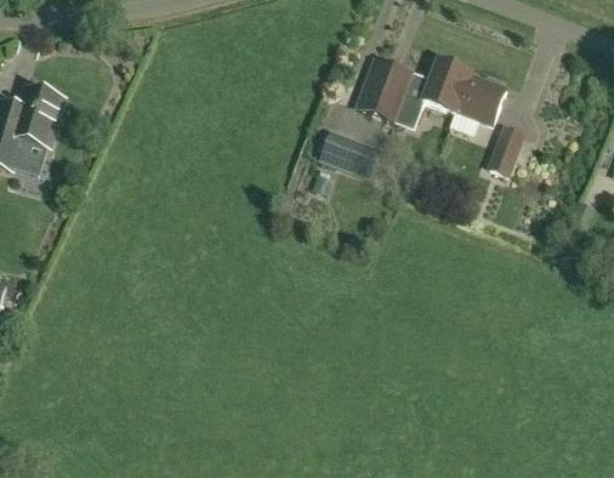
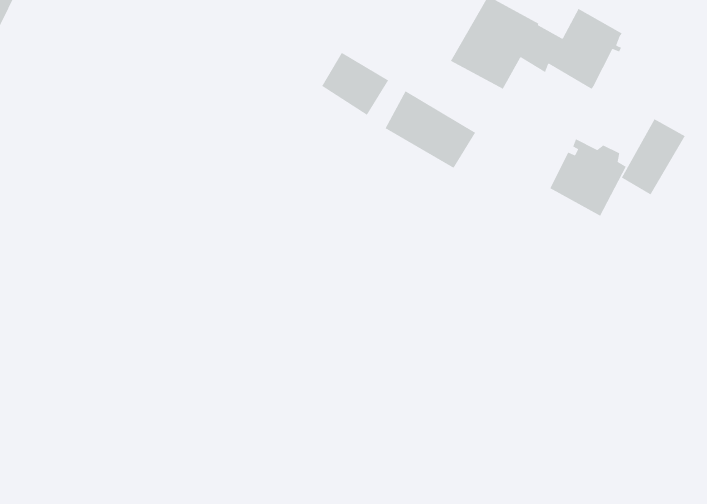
building: [457,74,507,124] -> [549,138,627,217]
building: none -> [321,52,389,116]

